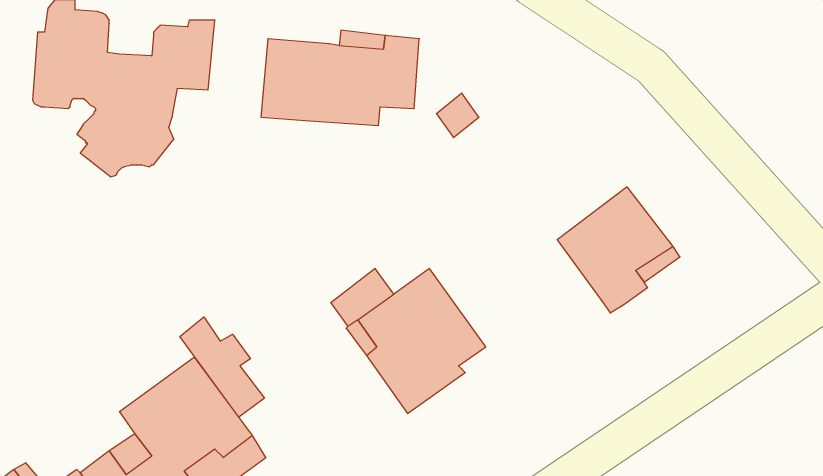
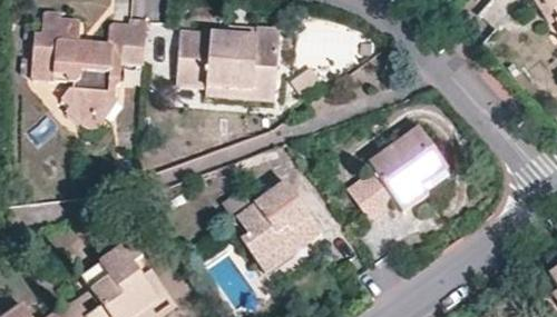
building: none -> [206,75,277,100]
building: none -> [348,168,401,224]
building: [180,317,264,417] -> none

